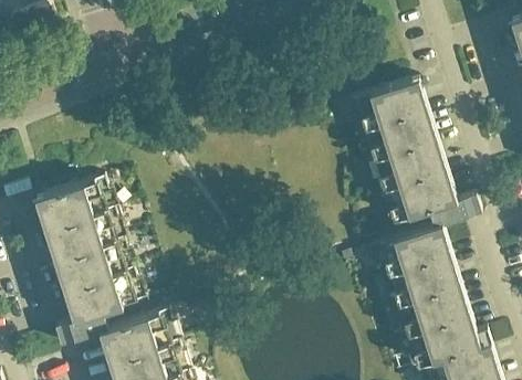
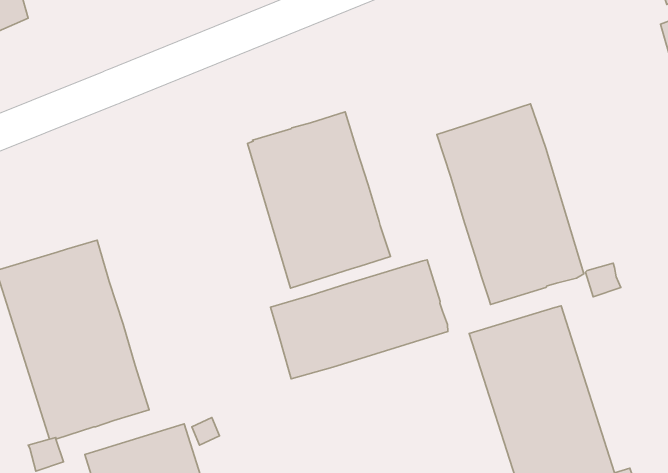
building: none -> [247,112,390,288]
building: none -> [271,260,448,379]

